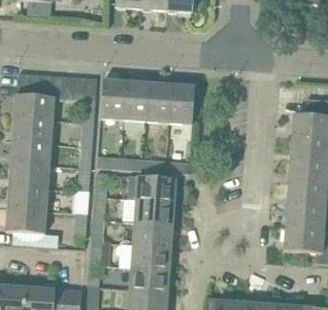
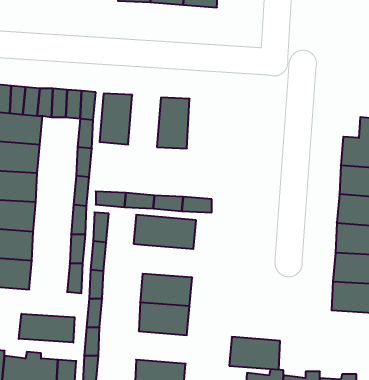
building: [123,80,149,122] -> none
building: [169,83,195,125] -> none
building: [134,199,174,225] -> none
building: none -> [19,314,75,343]
building: [129,267,169,292] -> [229,337,280,370]

